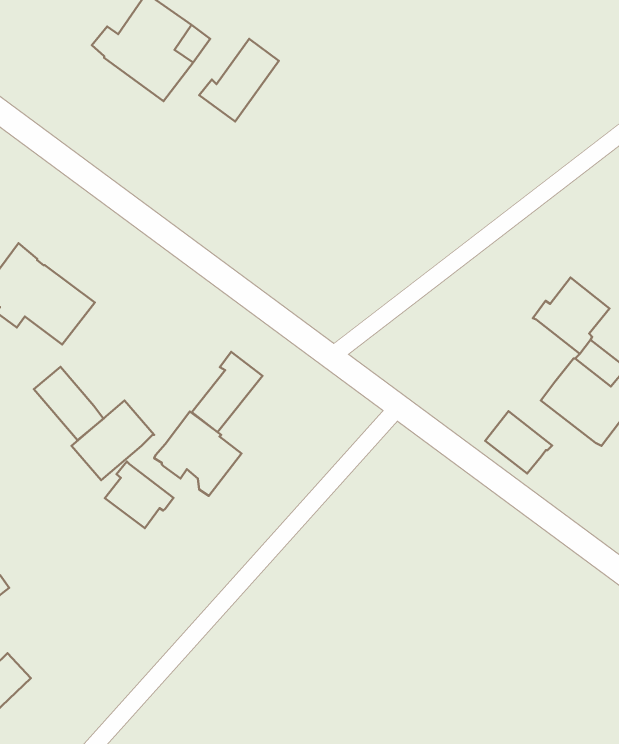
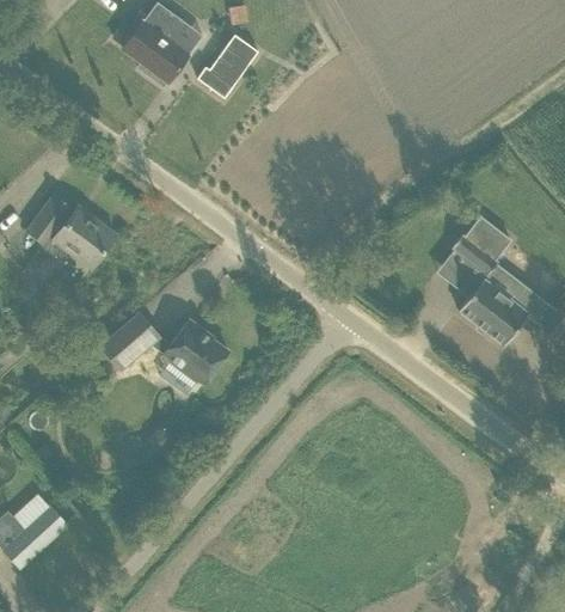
building: [192,352,262,432] -> none
building: [34,367,104,440] -> none
building: [485,411,552,474] -> [436,250,487,298]
building: [105,462,174,528] -> none

